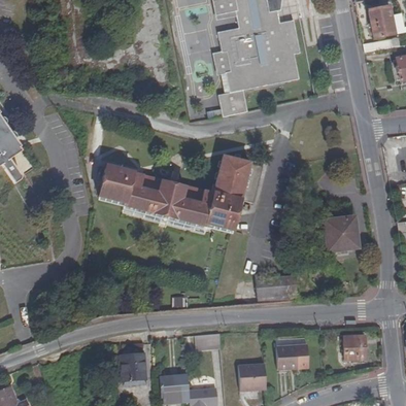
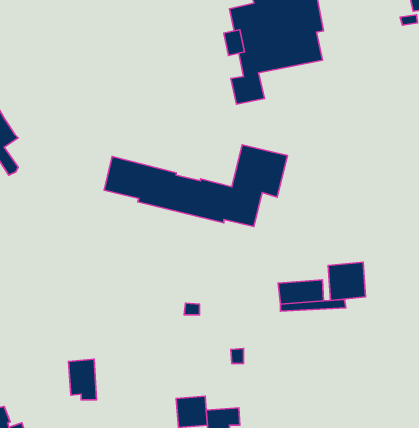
building: [325,216,358,250] -> [328,262,365,300]
building: [342,335,365,359] -> none
building: [278,342,310,367] -> none
building: [123,352,147,388] -> [69,359,96,400]
building: [240,361,268,390] -> none

